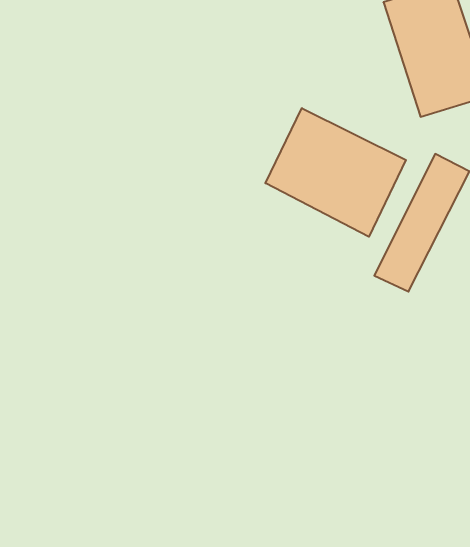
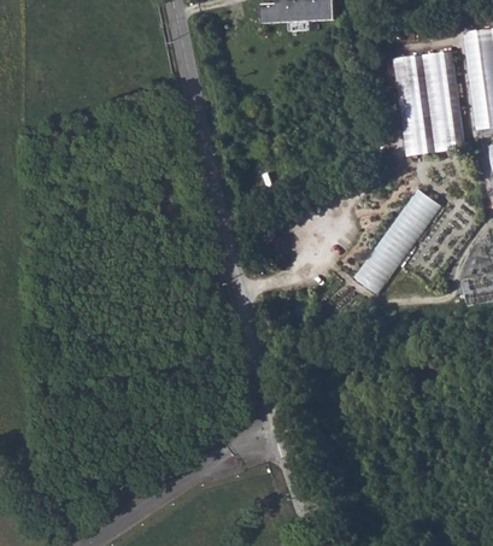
building: [265,108,406,237] -> none

